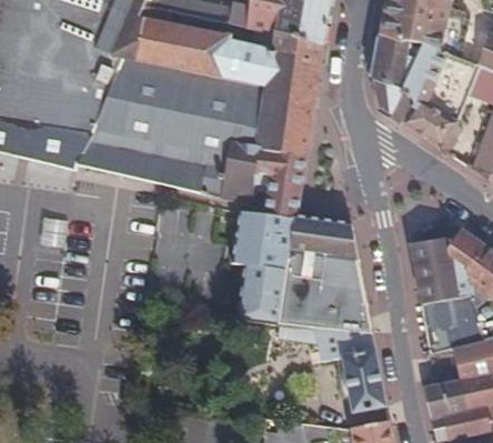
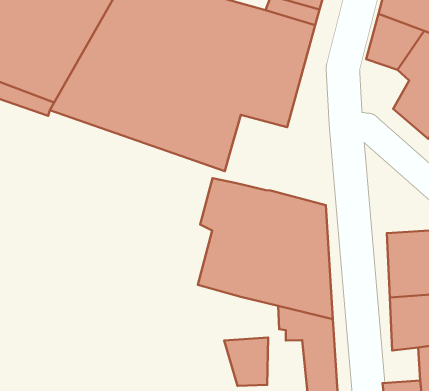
building: [374,81,417,125] -> none
building: [254,148,306,217] -> none
building: none -> [224,338,268,386]

